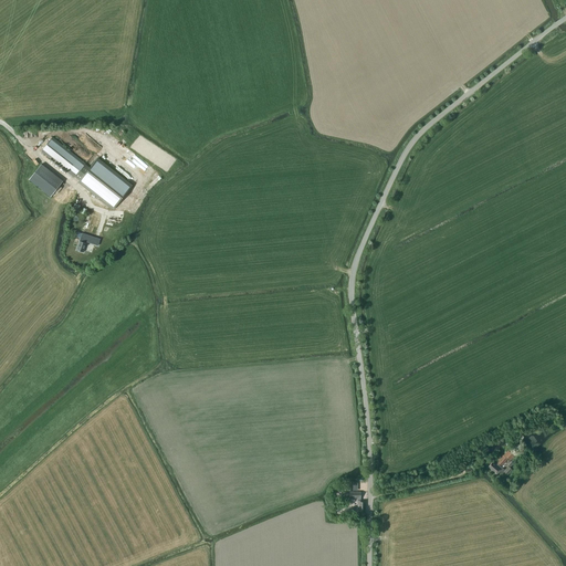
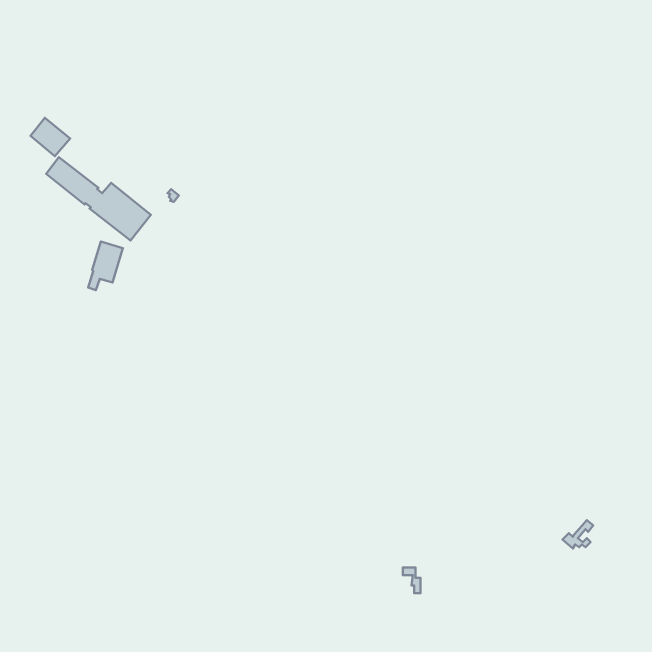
building: [28,163,62,196] -> [31,118,70,156]

